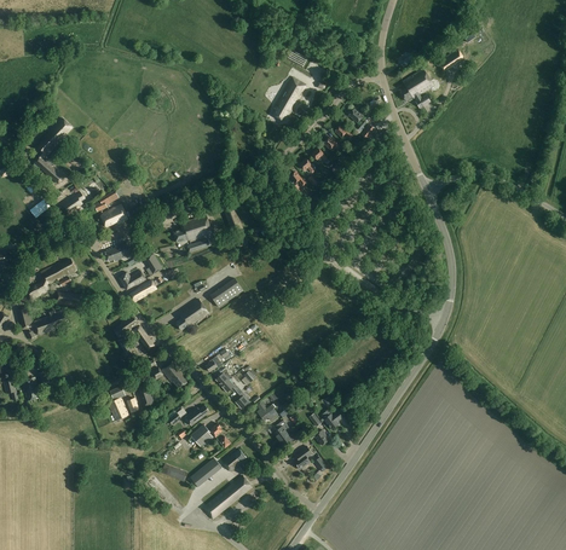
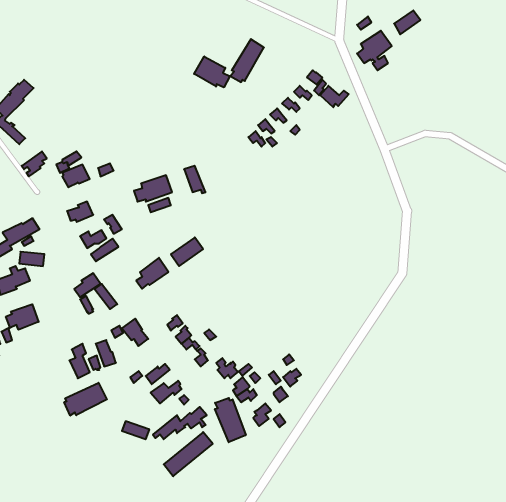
building: none -> [194,56,230,87]
building: none -> [6,304,39,330]
building: none -> [64,383,107,416]
building: none -> [215,398,246,442]

